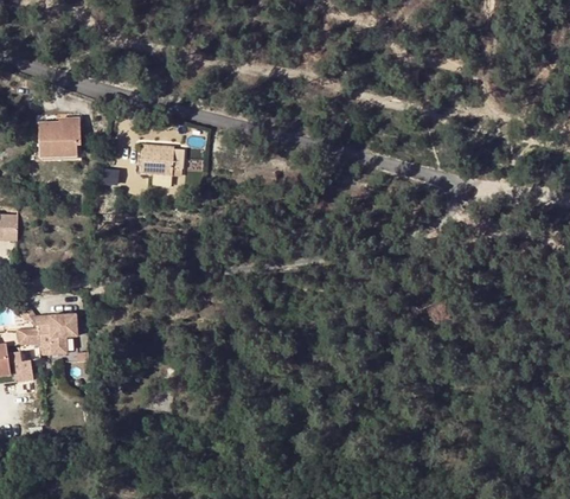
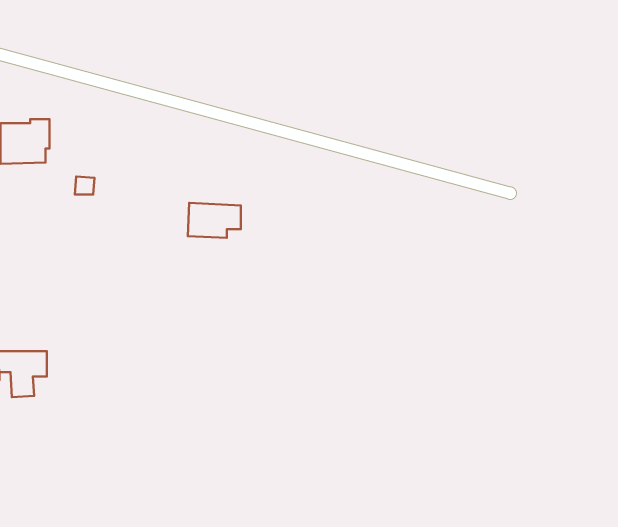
building: [139,145,184,174] -> [188,203,241,238]

